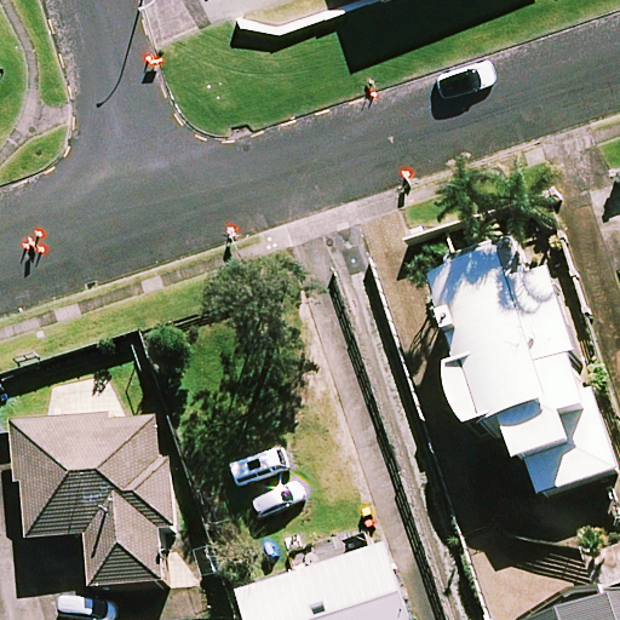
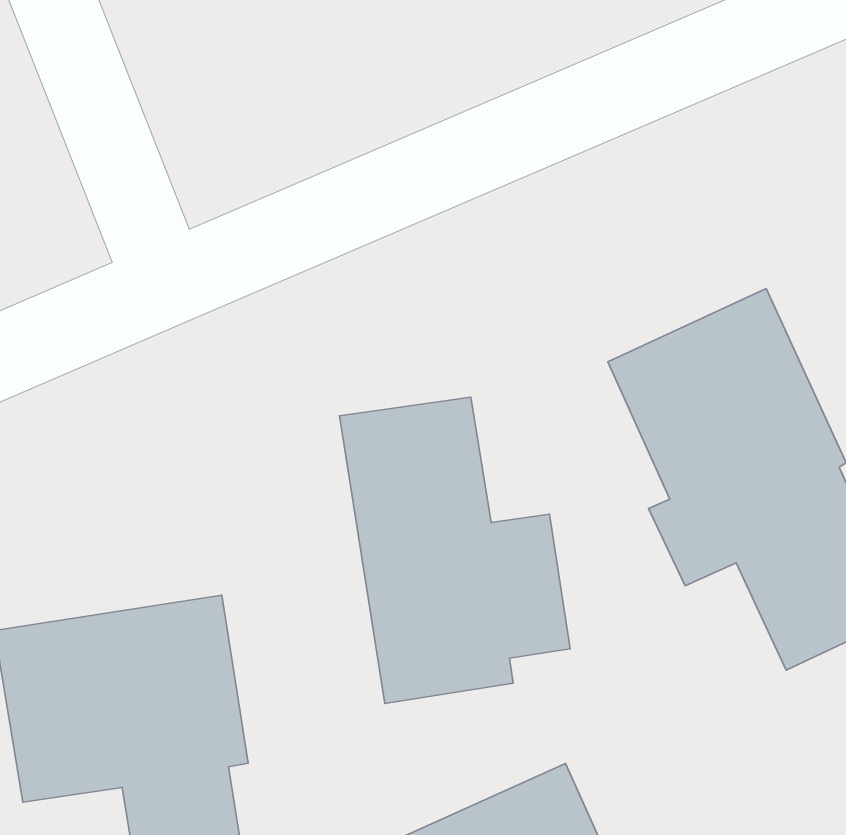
building: none -> [339,397,570,703]

